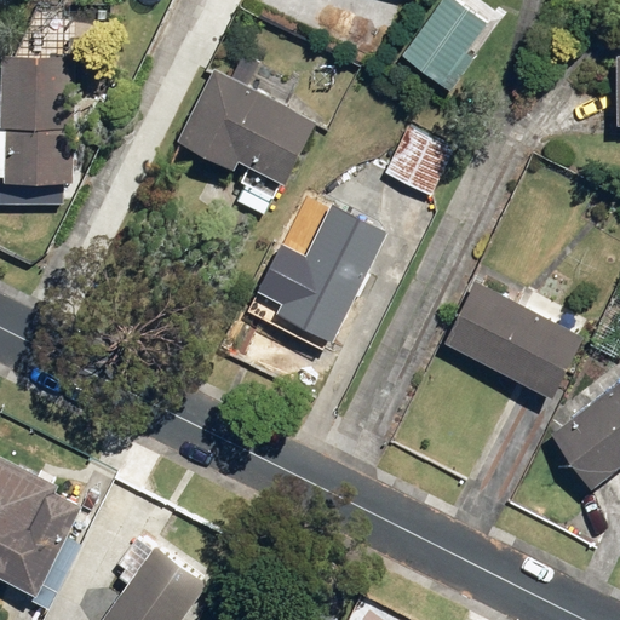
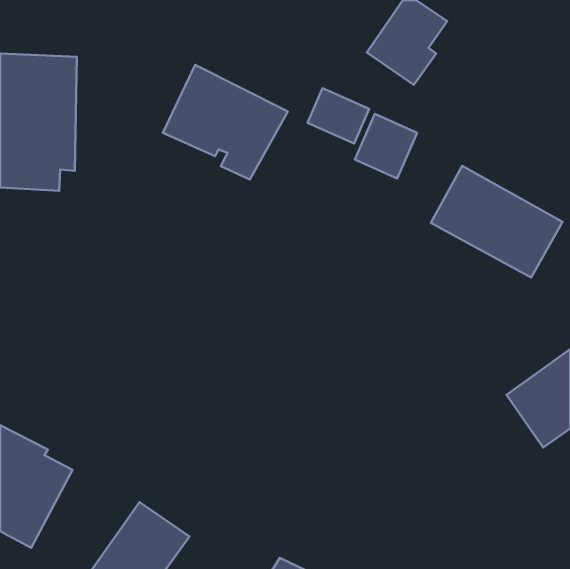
building: none -> [308,88,369,143]
building: [277,208,385,341] -> none
building: [437,279,580,400] -> [431,166,563,278]

